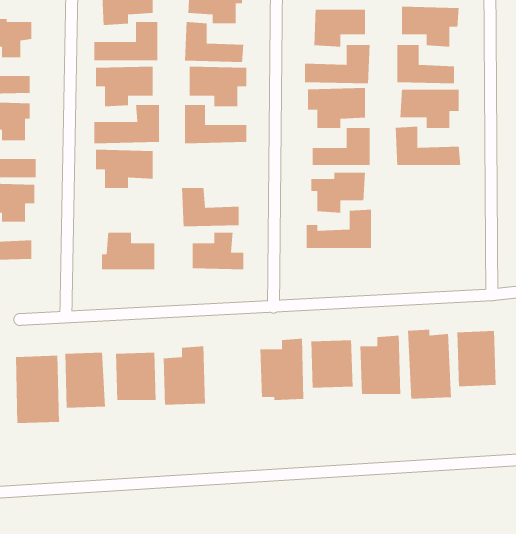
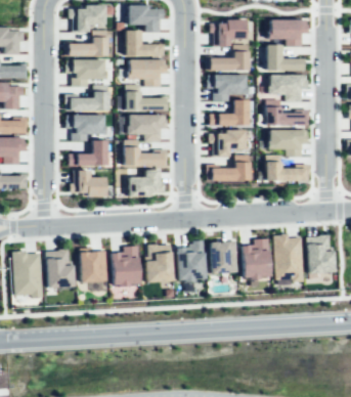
building: none -> [128,115,168,141]
building: none -> [269,130,309,157]
building: none -> [70,140,107,166]
building: none -> [266,155,309,181]
building: none -> [146,245,173,282]

